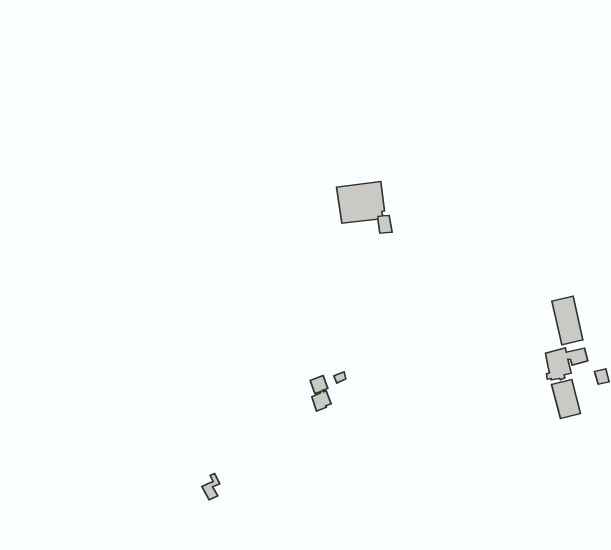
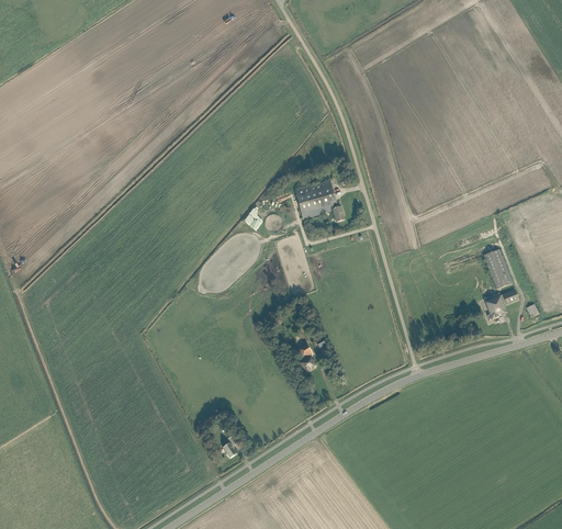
building: [552,380,581,418] -> none

